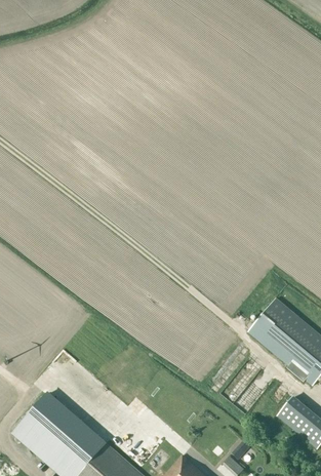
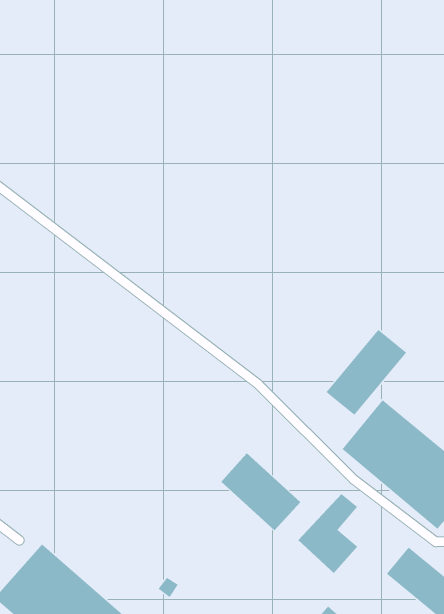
building: none -> [326,329,407,416]
building: none -> [220,453,301,531]

